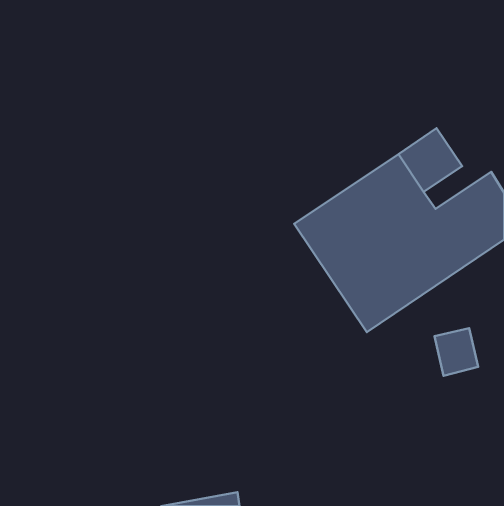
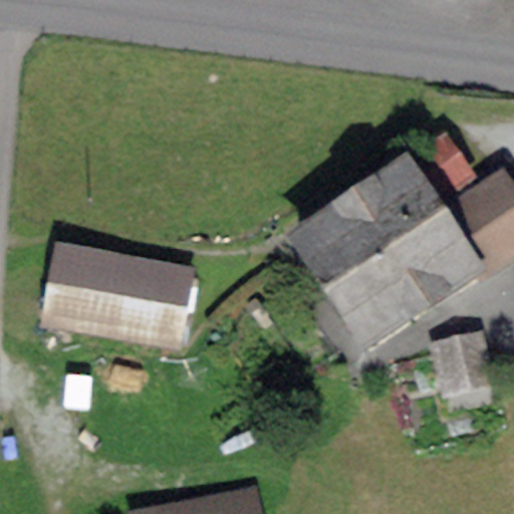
building: none -> [48,247,186,332]

